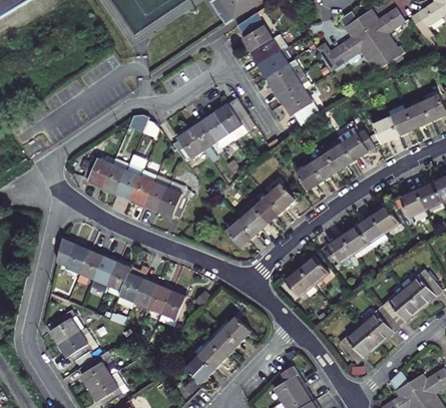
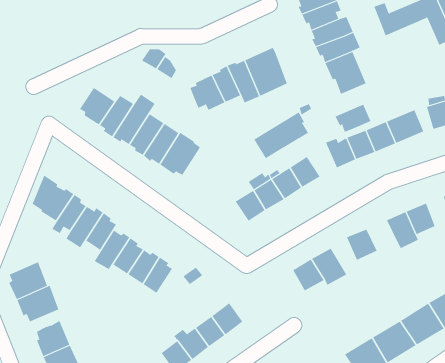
building: none -> [335,104,371,133]
building: none -> [254,112,309,159]
building: [341,226,368,253] -> none

